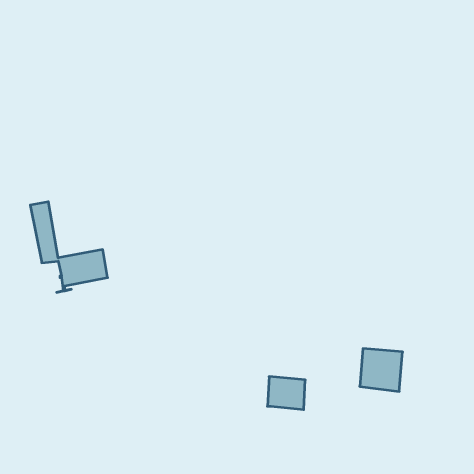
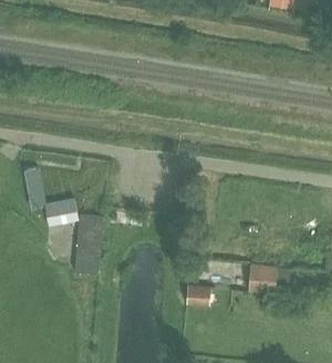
building: none -> [74,215,104,274]

